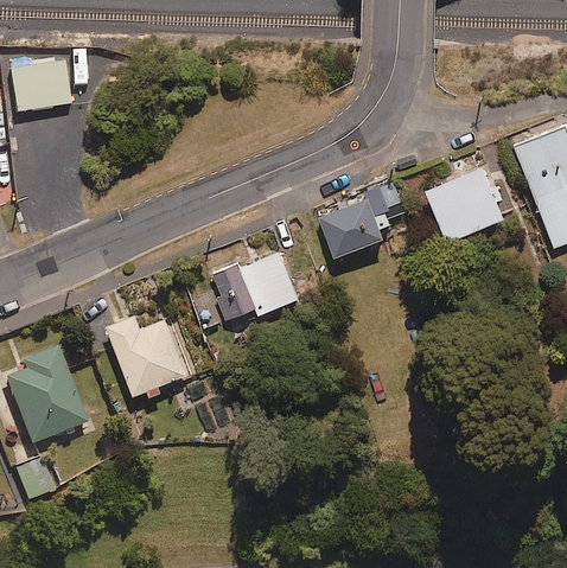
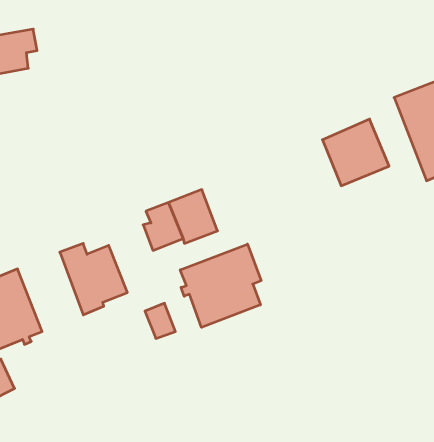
building: [320,181,403,259] -> none
building: none -> [180,244,261,327]

